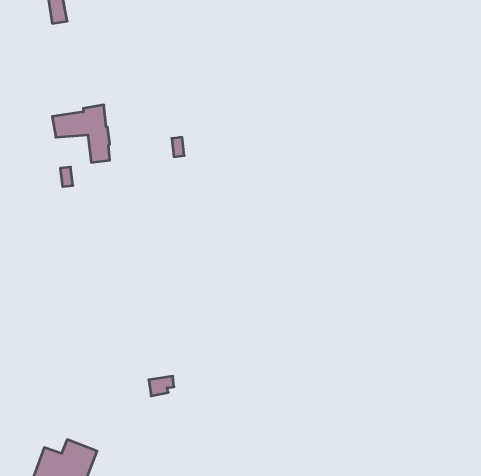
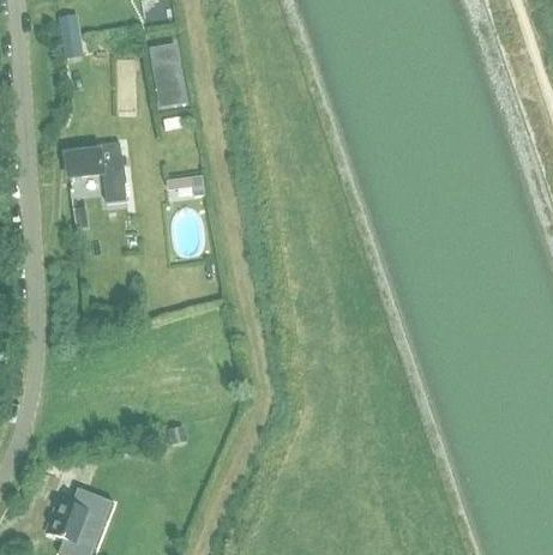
building: none -> [151,54,180,103]

